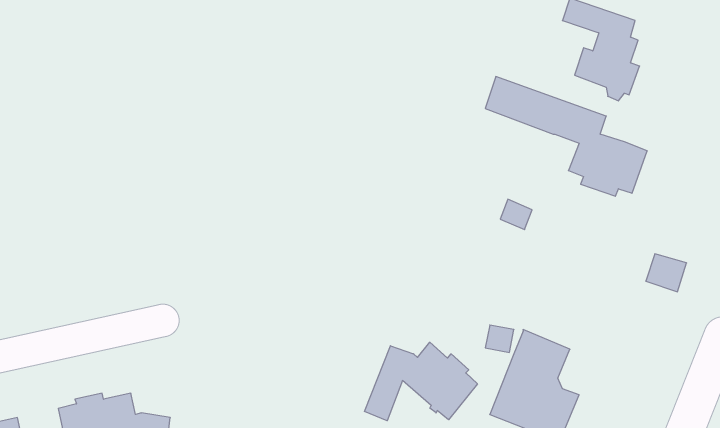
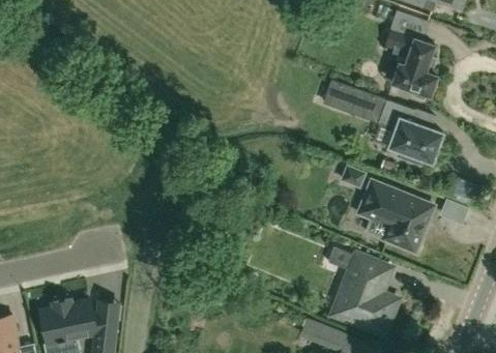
building: none -> [363,181,434,252]
building: [365,342,477,421] -> none

